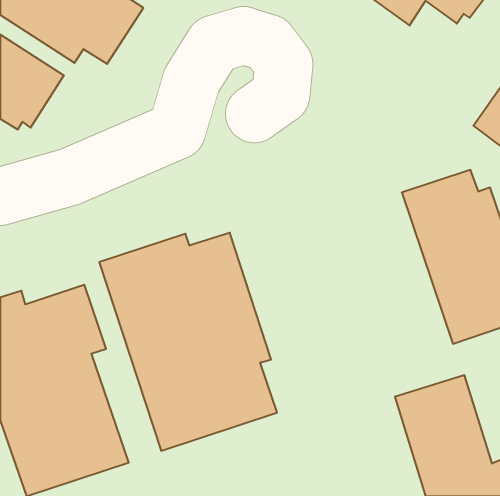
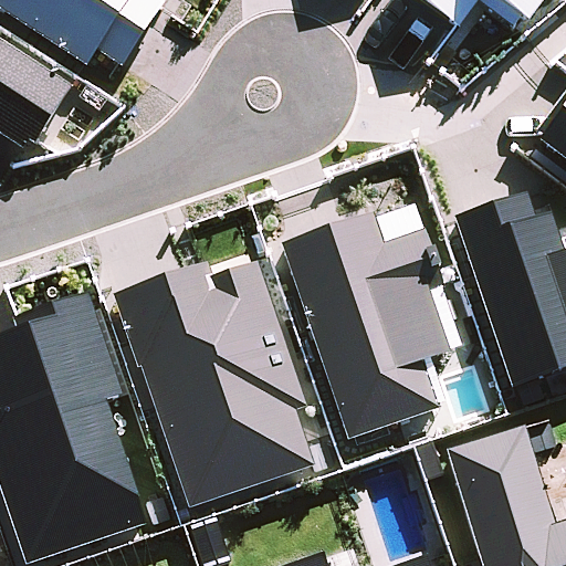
building: none -> [281,211,449,437]

